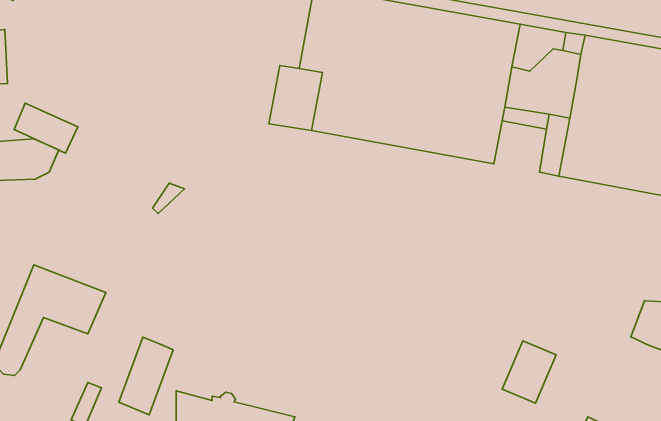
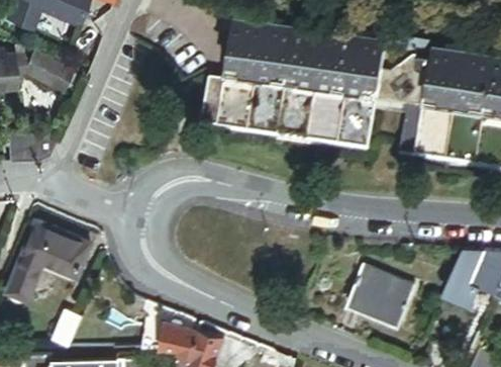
building: [14,103,78,153] -> [24,57,71,93]
building: none -> [442,250,483,306]
building: none -> [348,269,391,315]
building: [119,337,173,415] -> none

